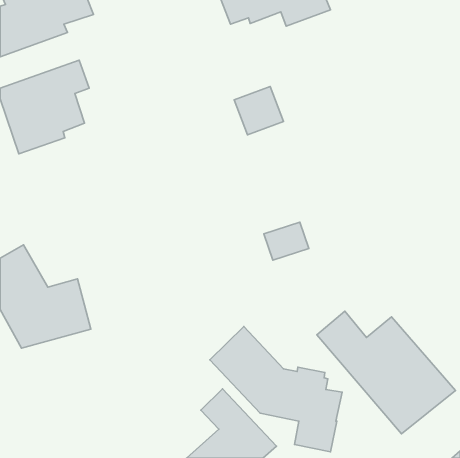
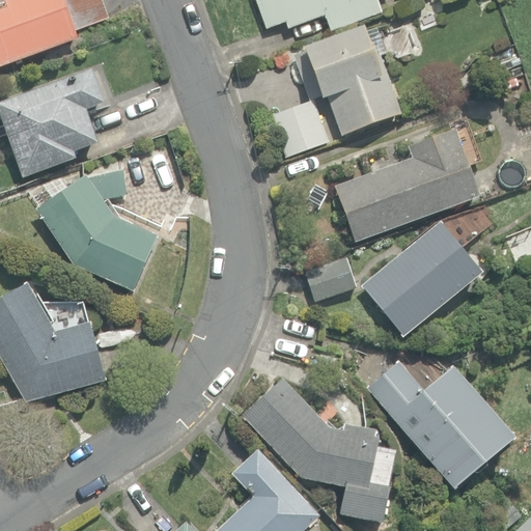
building: none -> [292,26,400,134]
building: none -> [334,129,478,241]
building: none -> [35,162,158,290]
building: none -> [361,221,487,342]

